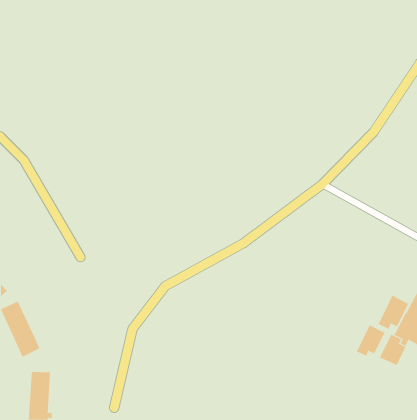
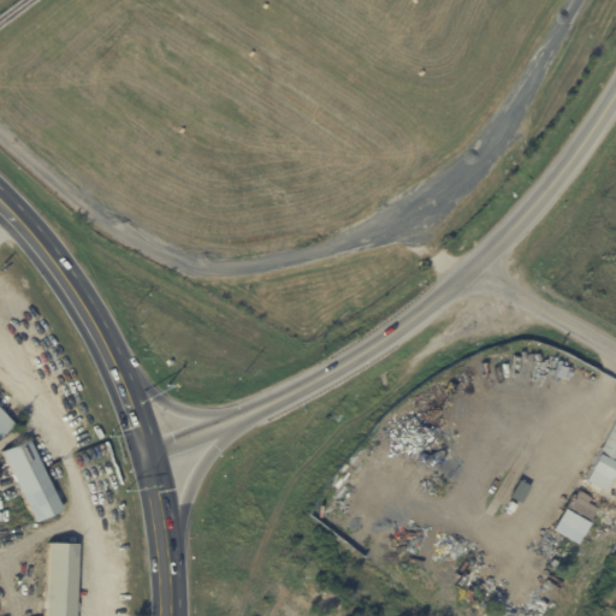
building: [378,295,409,330] -> none
building: [356,324,385,356] -> none

